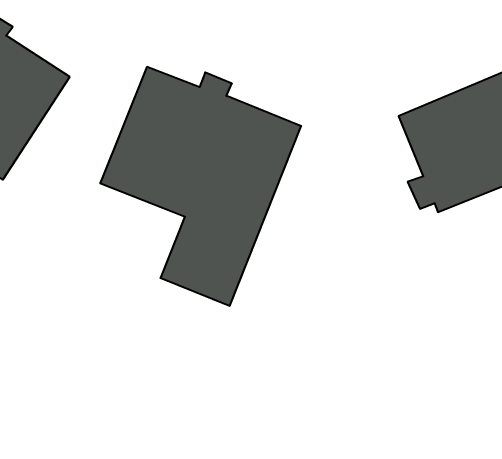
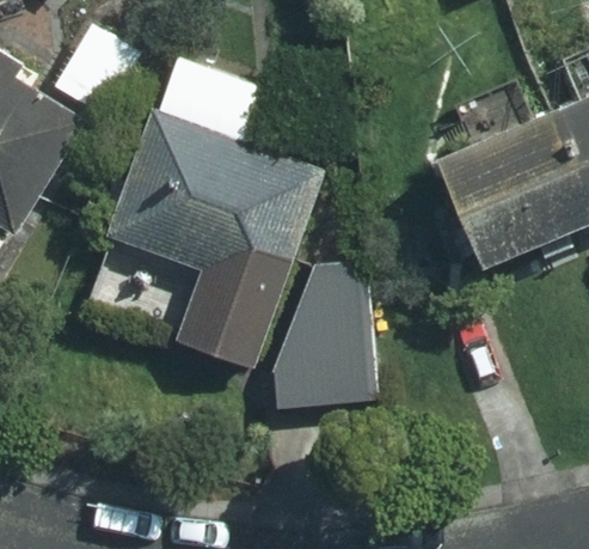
building: none -> [276,264,370,408]

